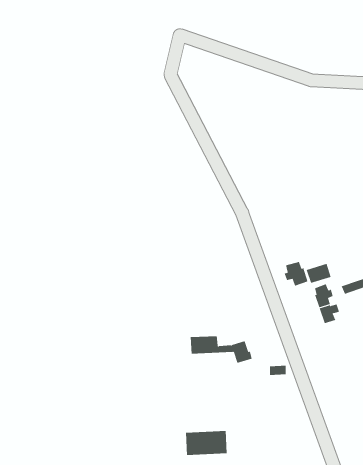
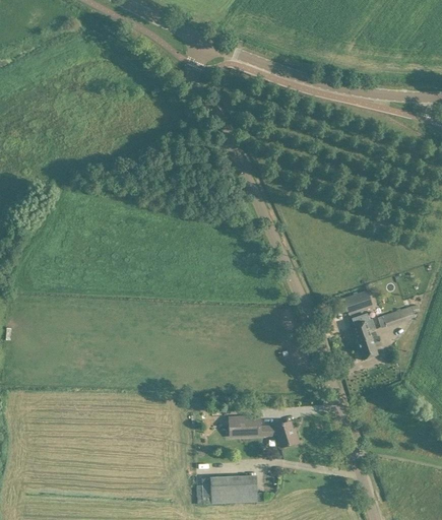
building: [284,261,308,286] -> none
building: [190,336,252,363] -> [230,416,299,447]

